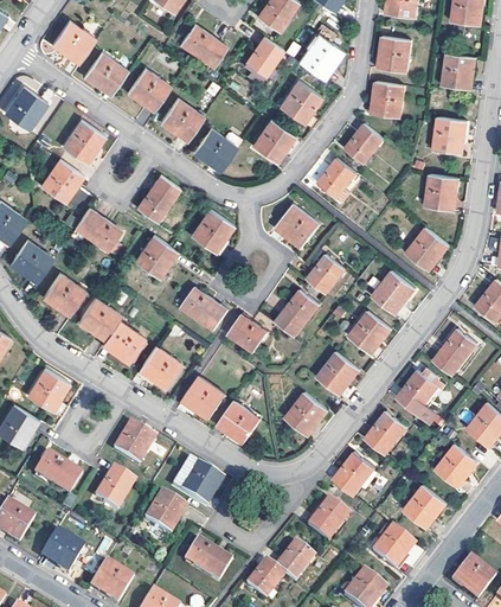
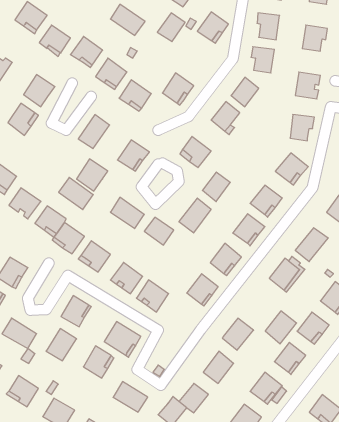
building: [278,79,321,123] -> none
building: [73,207,121,251] -> [59,177,93,210]
building: [365,410,407,455] -> [265,311,297,344]

